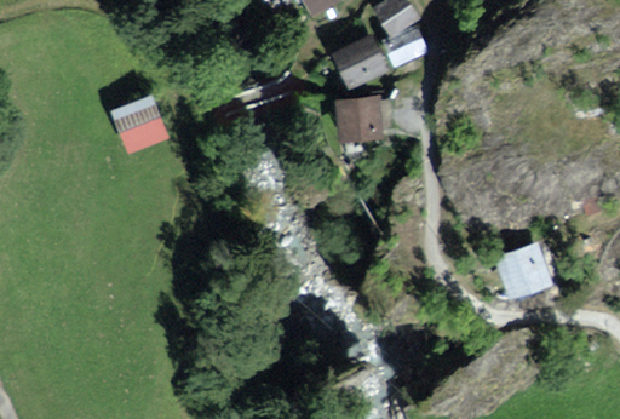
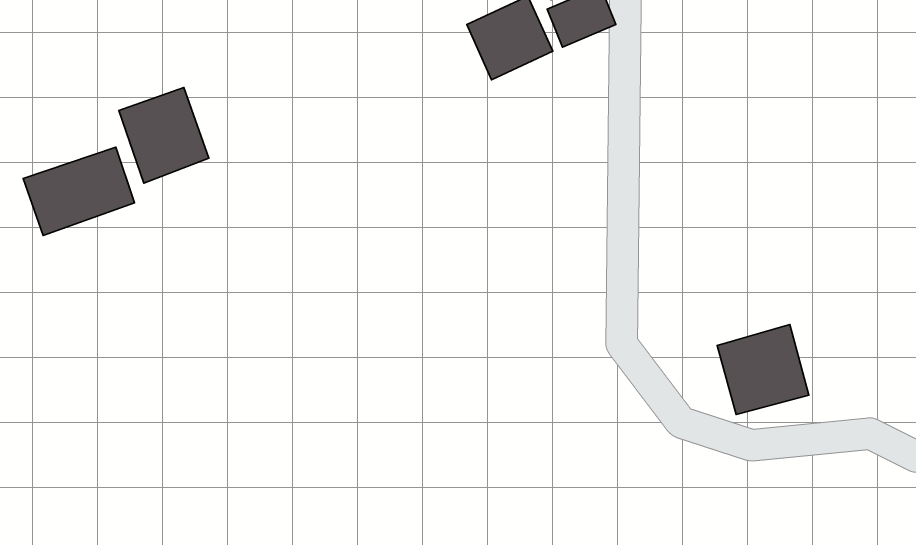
building: [327,94,385,143] -> none
building: none -> [23,147,135,235]

